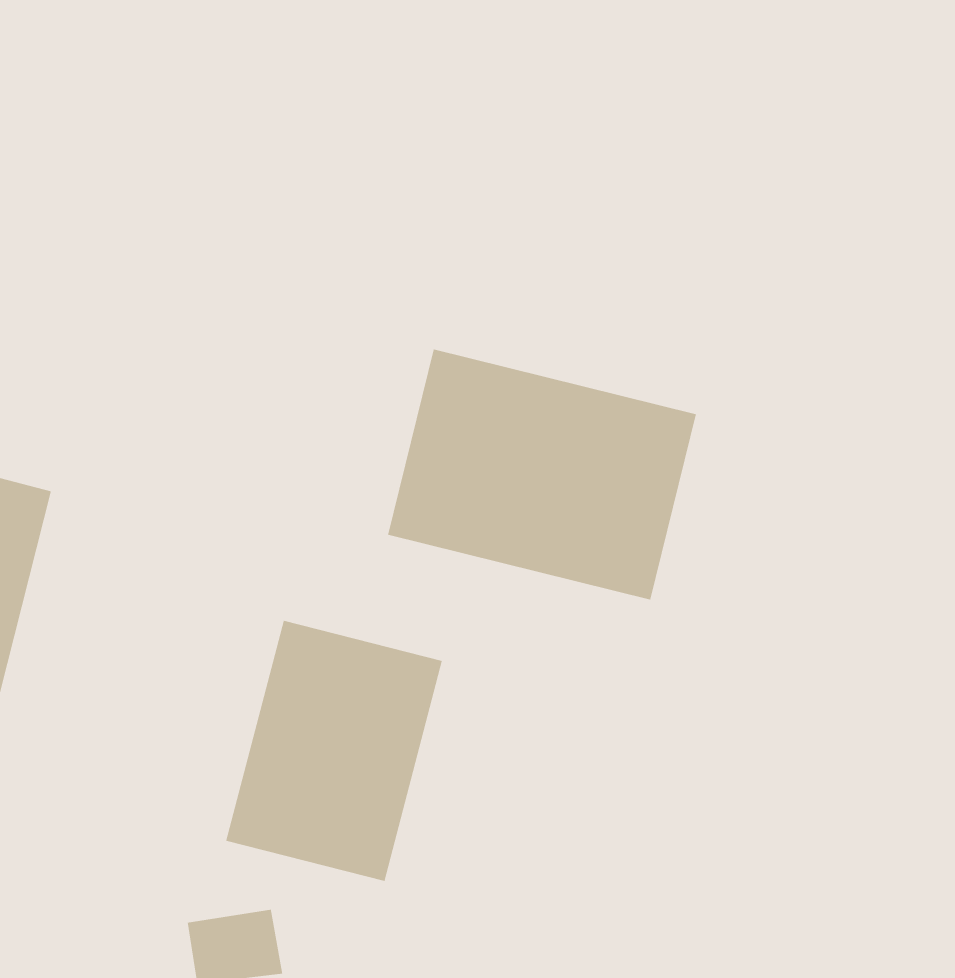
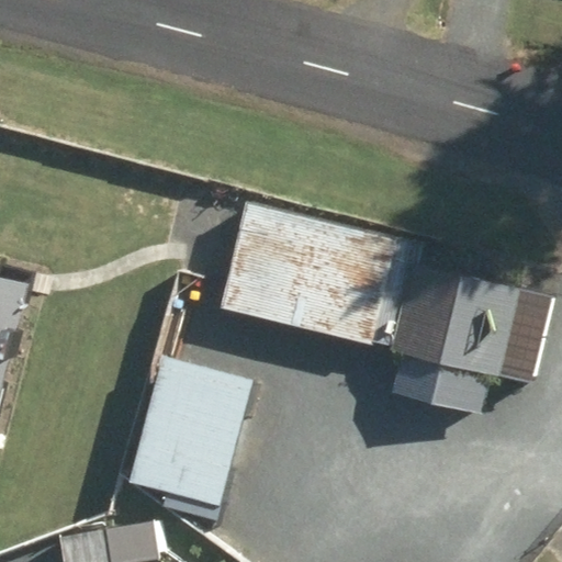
building: none -> [384,272,505,382]

